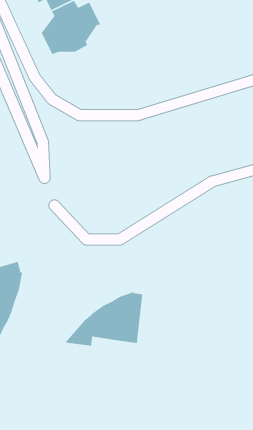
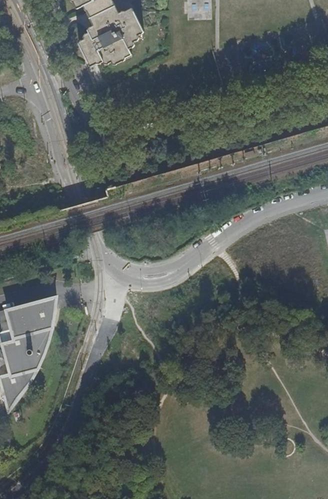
building: [64,288,144,347] -> none

